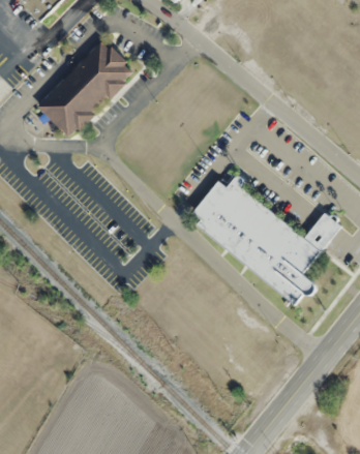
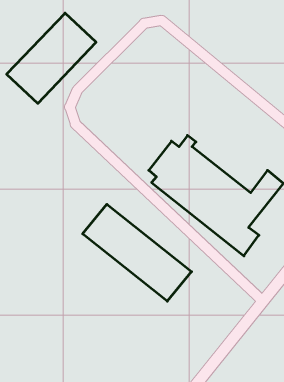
building: none -> [83,204,192,301]

